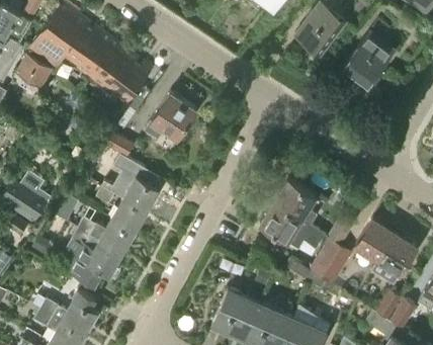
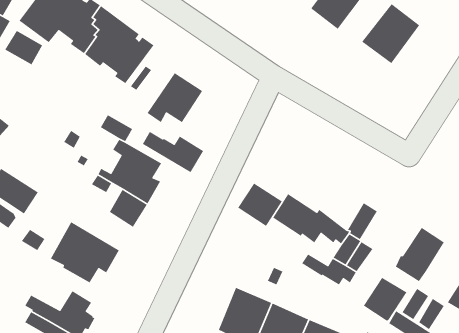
building: [274,180,316,221] -> [237,182,283,227]
building: [77,217,134,255] -> [142,131,204,173]
building: [355,220,396,260] -> [363,277,407,321]

